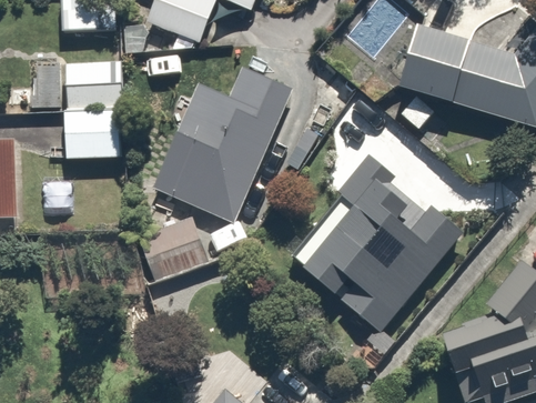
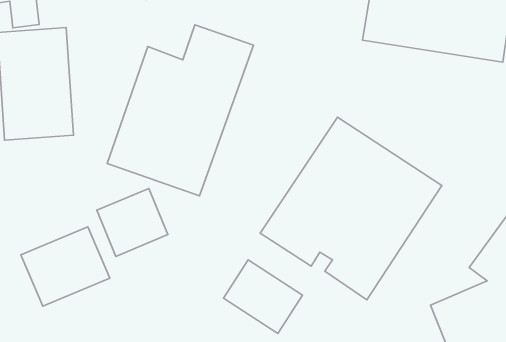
building: none -> [21,227,110,306]
building: none -> [224,260,302,334]

